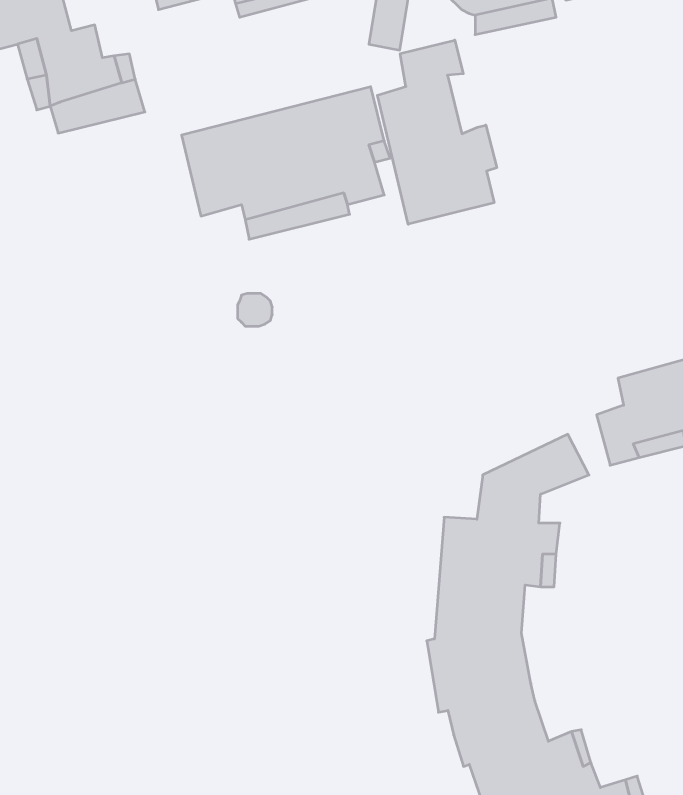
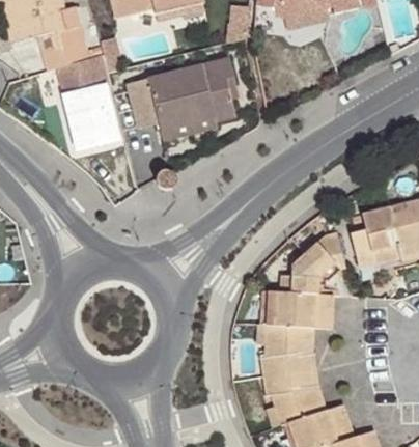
building: [377,40,497,224] -> none
building: none -> [64,83,119,147]

